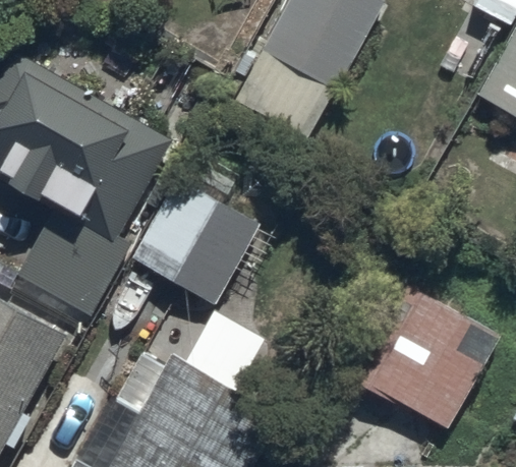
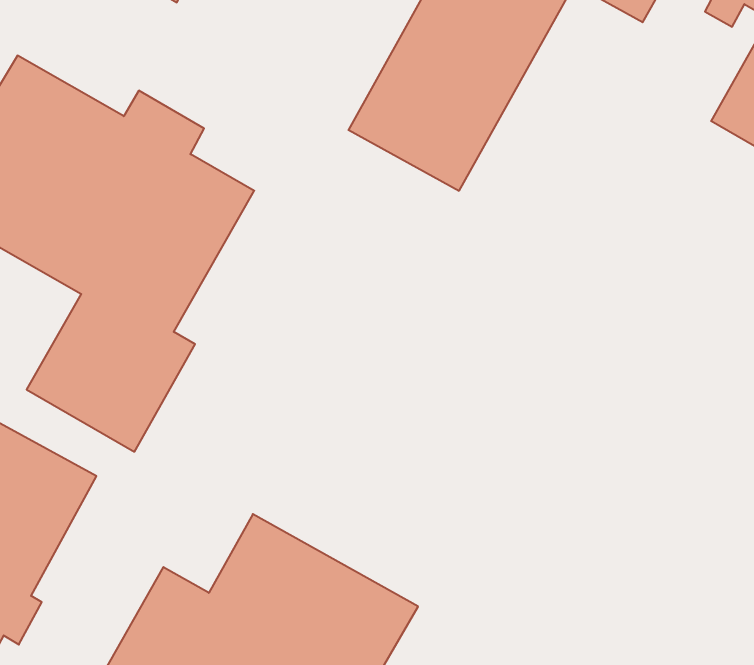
building: [130,180,257,304] -> none
building: [336,258,498,426] -> none

